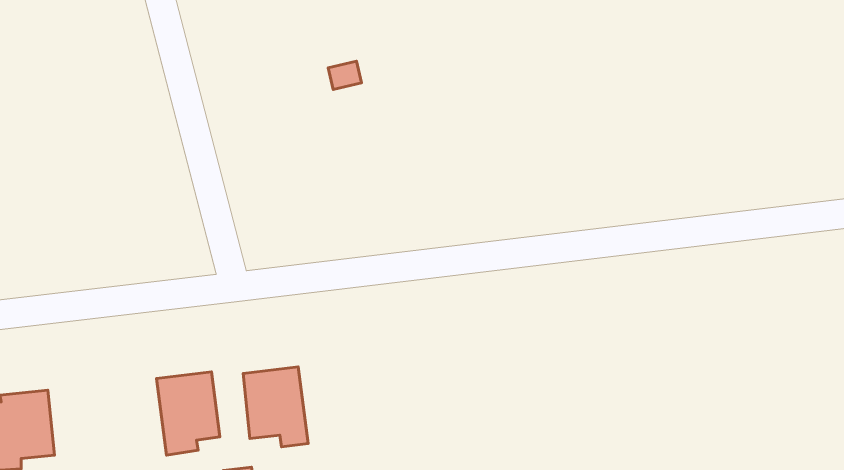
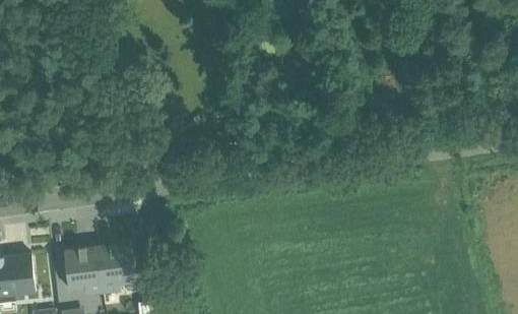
building: [243,367,308,447] -> [63,246,103,295]

